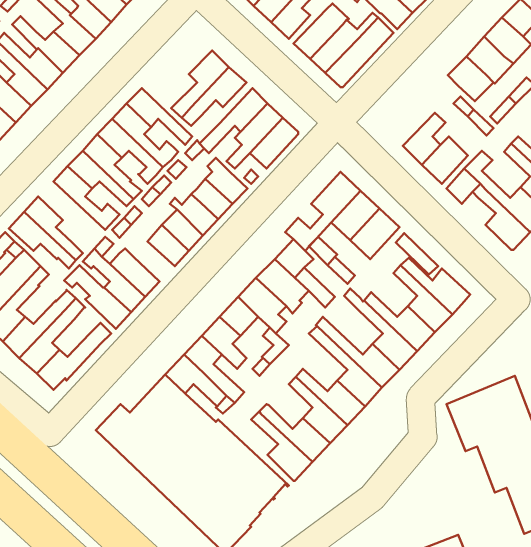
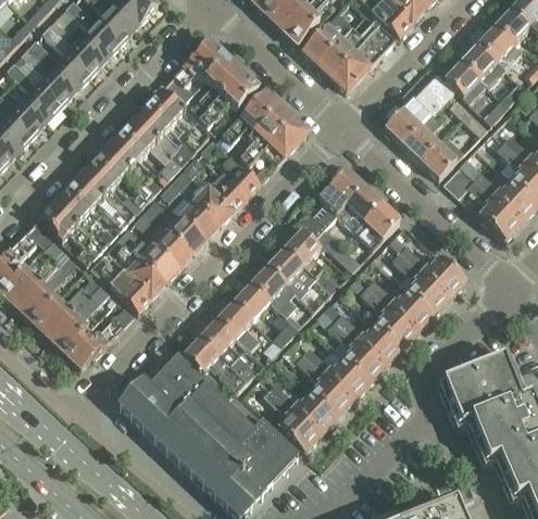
building: none -> [164,40,226,102]
building: none -> [384,72,453,143]
building: none -> [65,176,127,228]
building: none -> [146,224,191,268]

